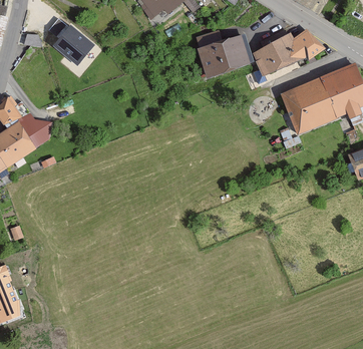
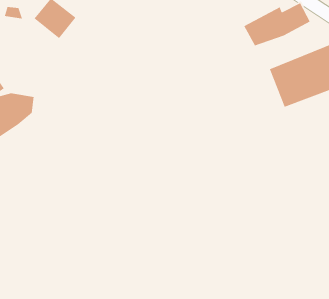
building: [199,35,252,77] -> none

